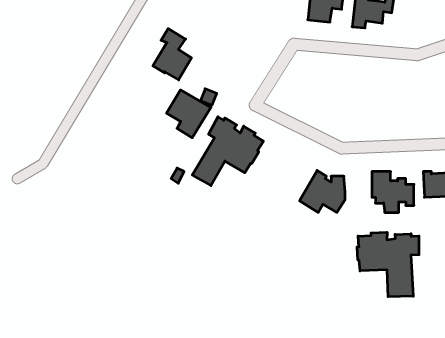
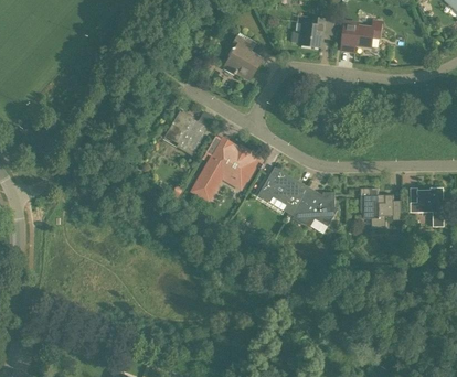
building: [153,29,191,80] -> [224,32,261,80]
building: none -> [257,166,308,215]
building: [357,232,419,297] -> none

